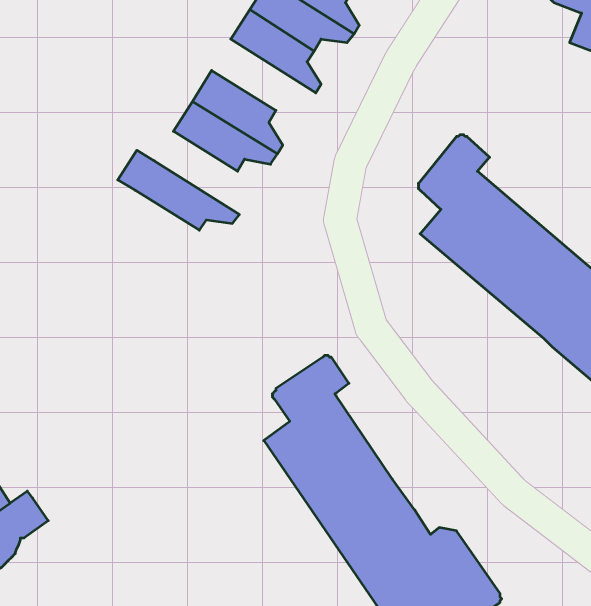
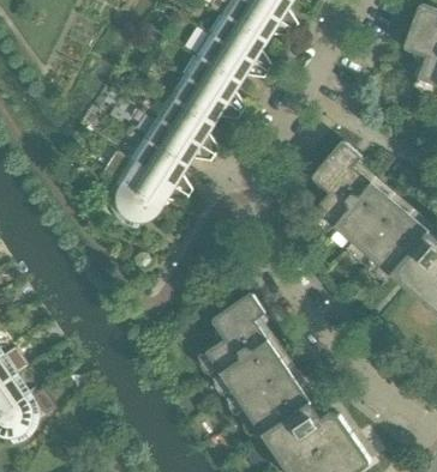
building: none -> [169,74,241,123]
building: none -> [130,138,192,195]
building: none -> [109,178,161,228]

